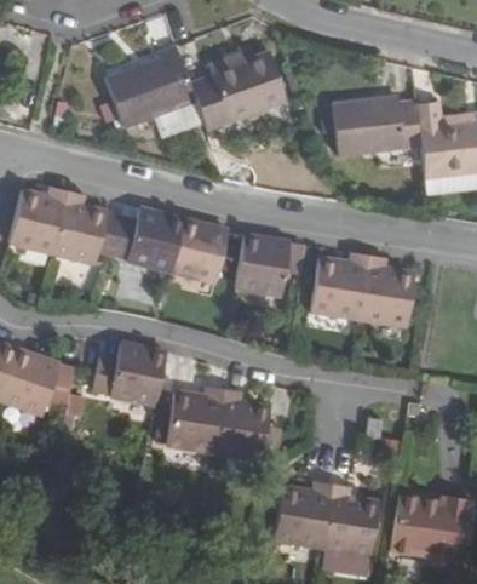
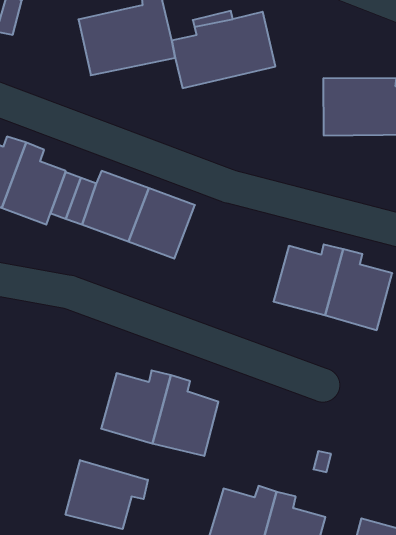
building: [235,236,289,296] -> none
building: [91,344,166,405] -> none
building: none -> [66,460,148,529]

